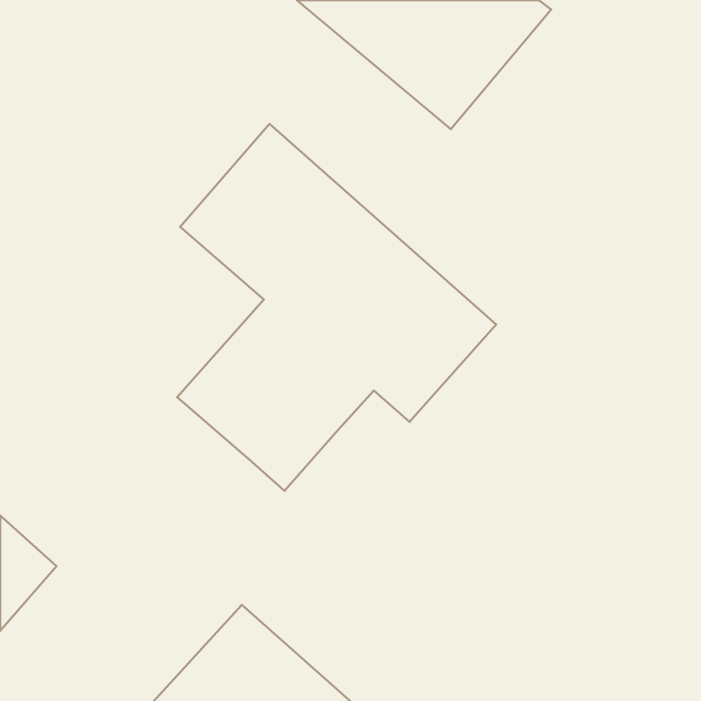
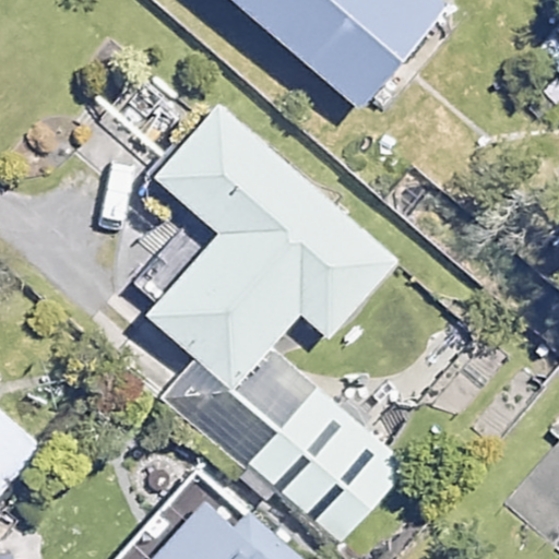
building: none -> [254,385,416,544]

